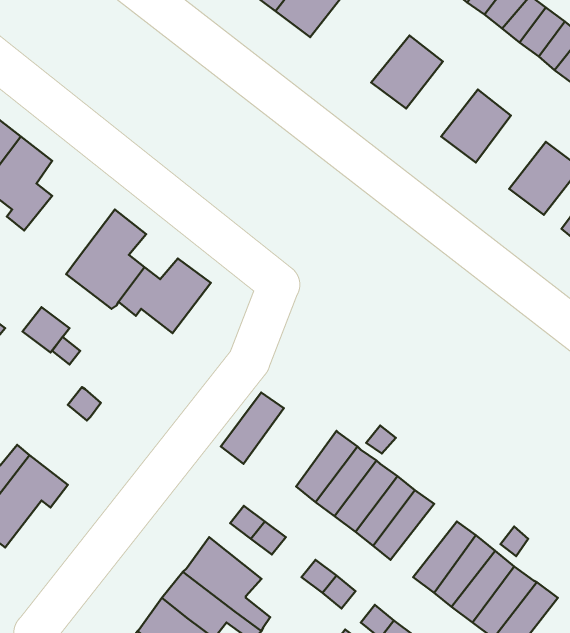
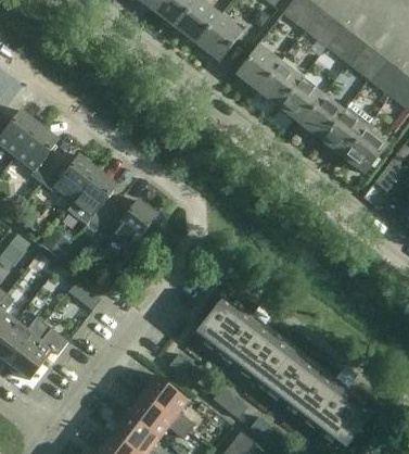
building: none -> [235,42,281,89]
building: none -> [279,76,323,123]
building: none -> [322,101,372,155]
building: none -> [41,153,98,200]
building: [221,393,284,464] -> [196,297,235,341]
building: none -> [269,352,310,398]

